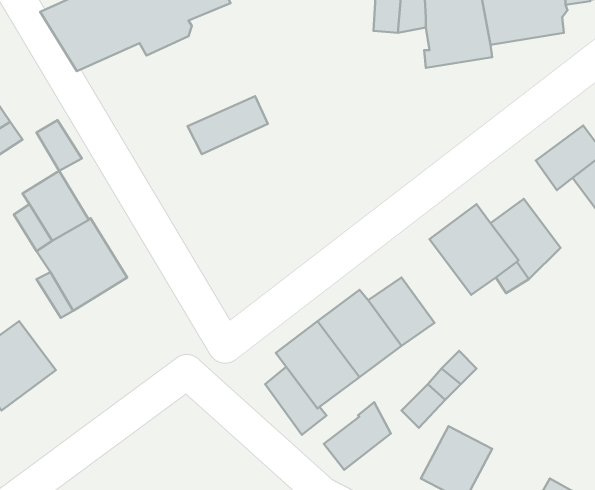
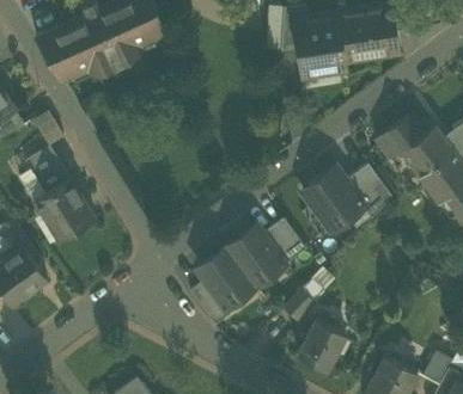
building: [188,96,268,154] -> none
building: [324,402,391,470] -> none

